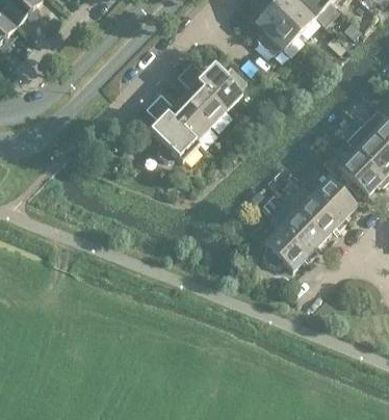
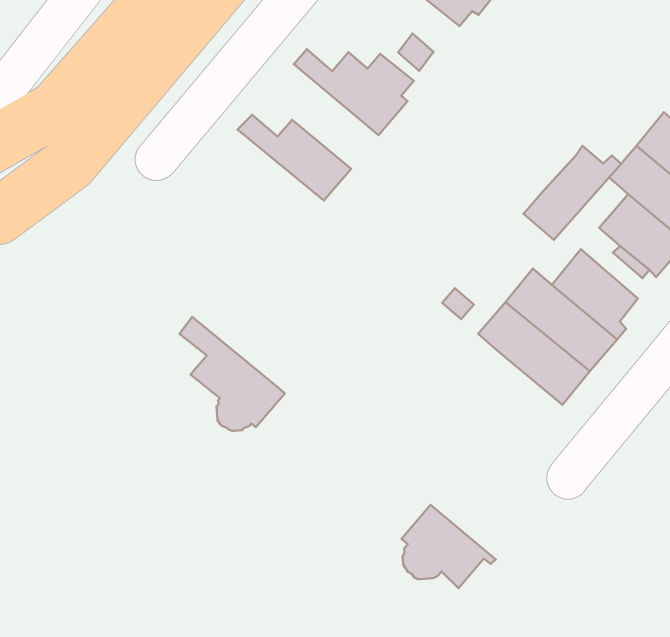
building: [177,68,227,125] -> none
building: [146,100,199,161] -> [180,317,285,431]
building: none -> [524,146,621,240]
building: [264,226,313,270] -> [401,505,496,588]

